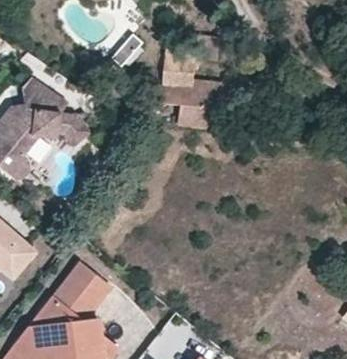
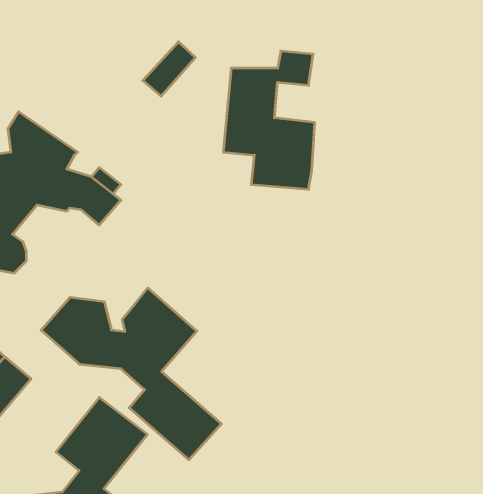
building: none -> [41,288,221,460]

